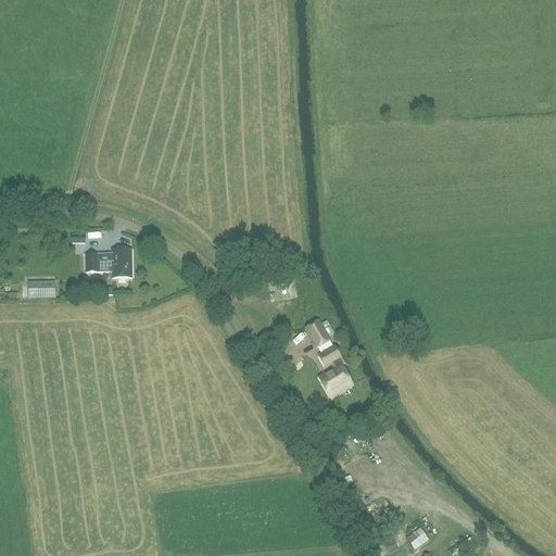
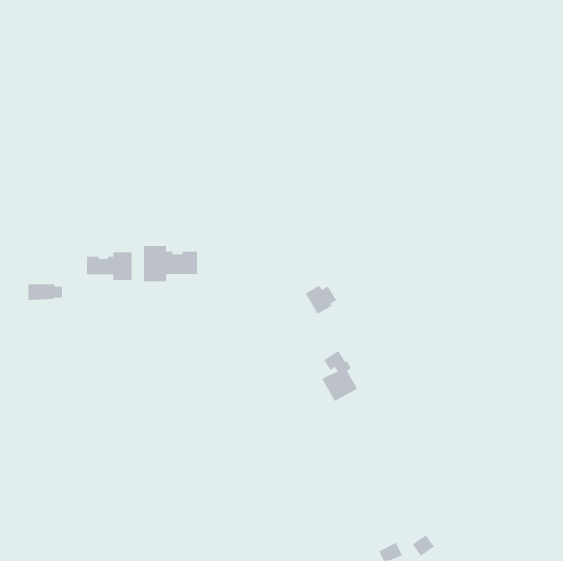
building: none -> [143,245,198,282]
building: [303,317,334,346] -> [305,285,337,315]

